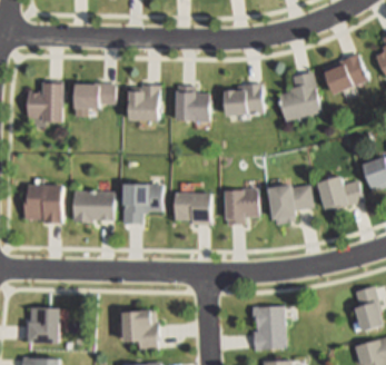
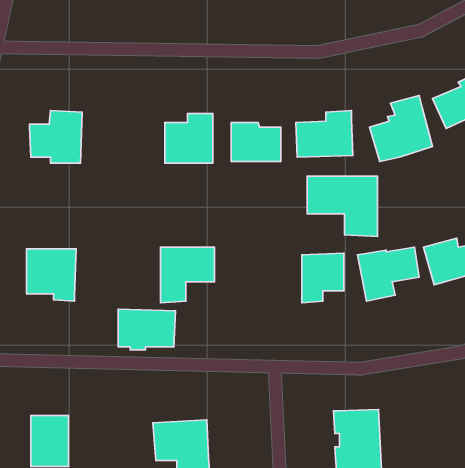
building: [72,82,116,109] -> none
building: none -> [307,176,378,237]
building: [71,190,113,220] -> [118,309,175,350]
building: [172,193,211,224] -> none

